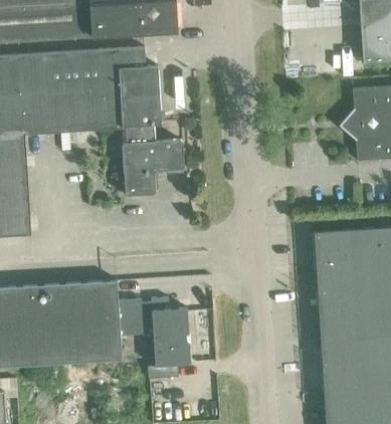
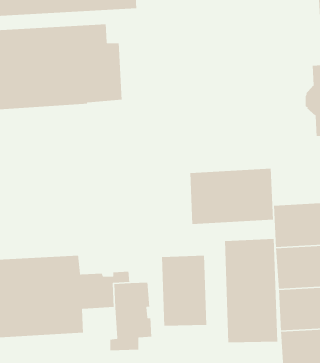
building: [122,139,184,195] -> none
building: none -> [189,168,274,225]
building: none -> [224,238,278,343]
building: none -> [161,255,207,326]

